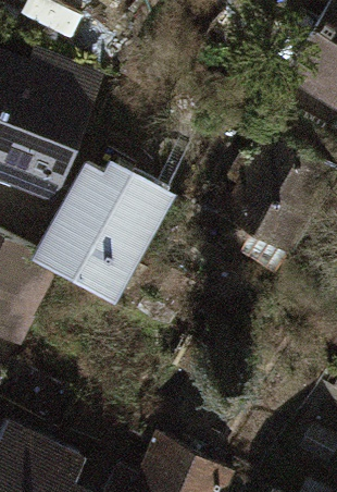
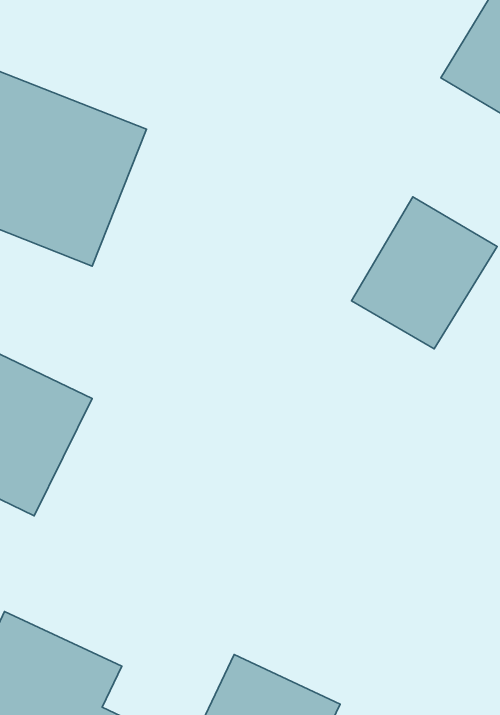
building: [35,150,168,293] -> none

